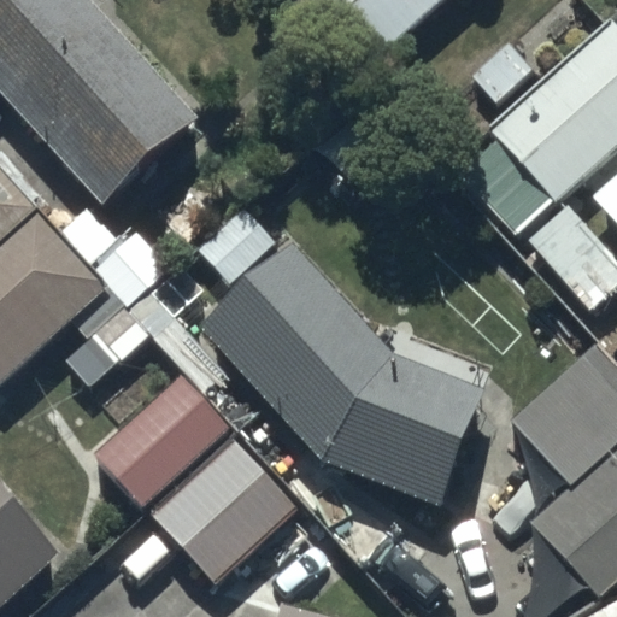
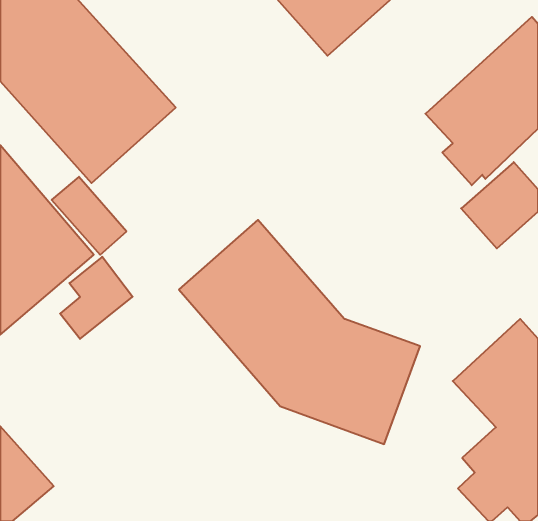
building: [99,377,230,506] -> none
building: [154,440,298,582] -> none

